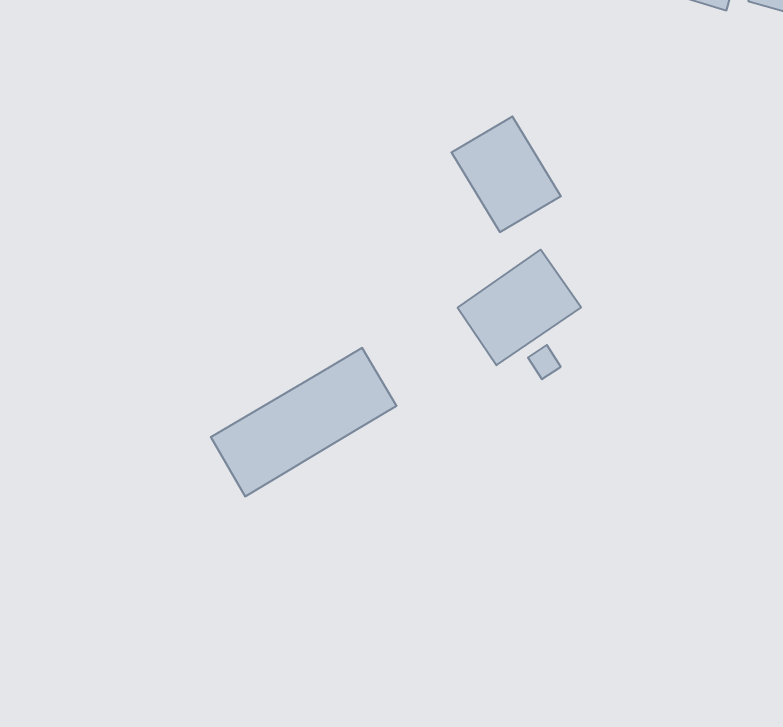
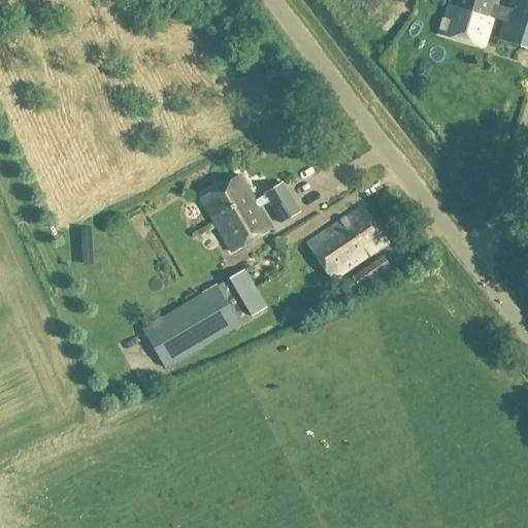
building: [451,116,561,232] -> [200,174,272,251]
building: none -> [263,180,299,222]

